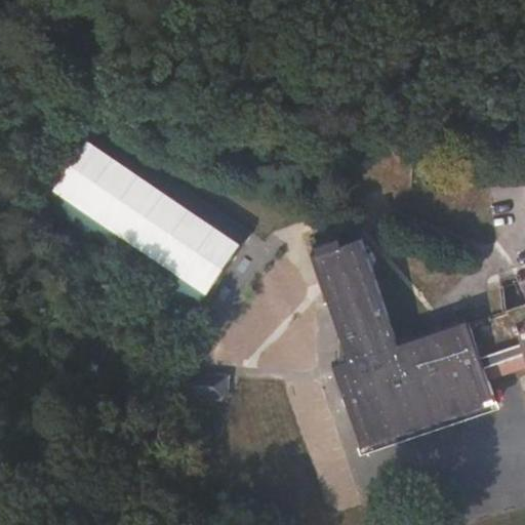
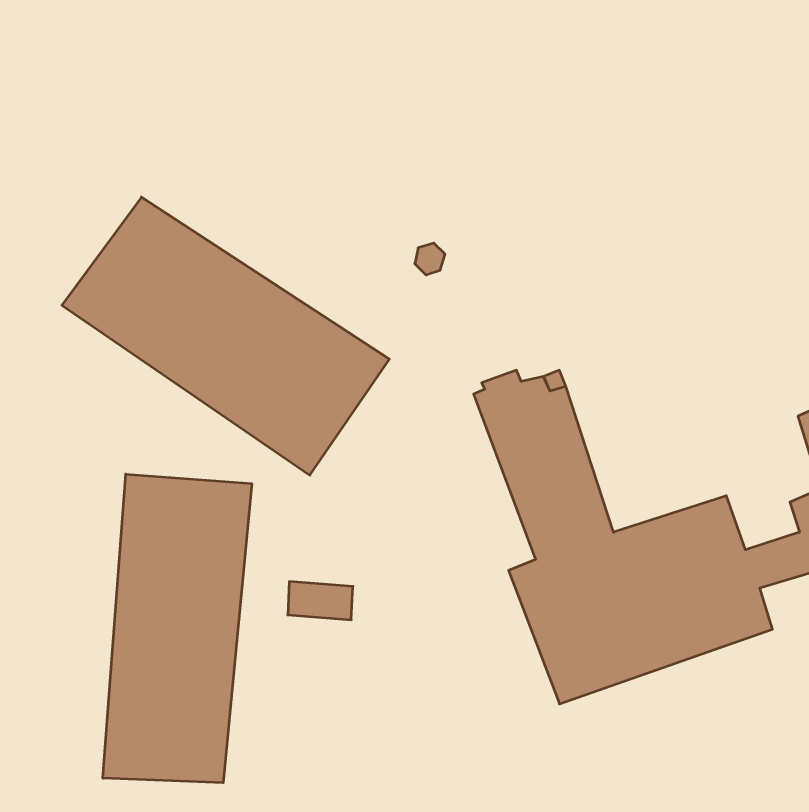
building: none -> [103,474,252,783]

